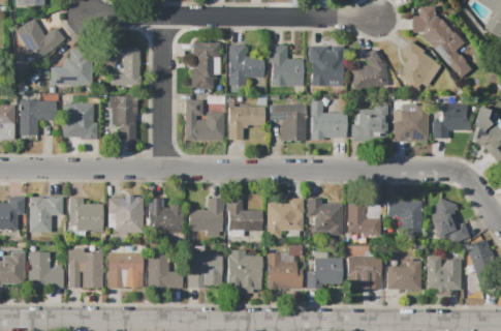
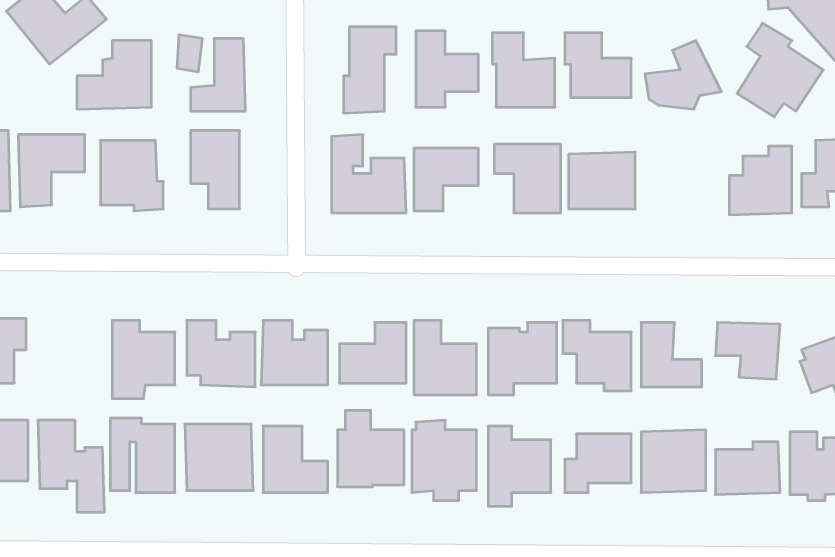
building: [350,106,388,140] -> none
building: [29,197,62,233] -> none

